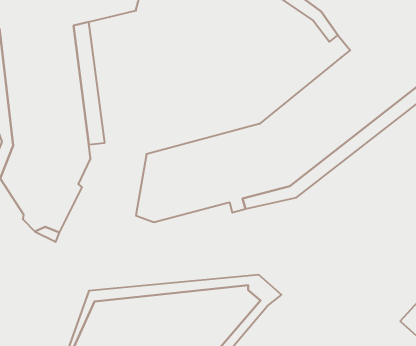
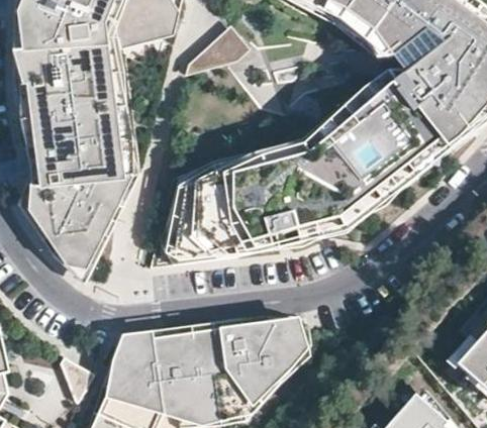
building: none -> [183,25,249,76]
building: none -> [158,72,393,265]

